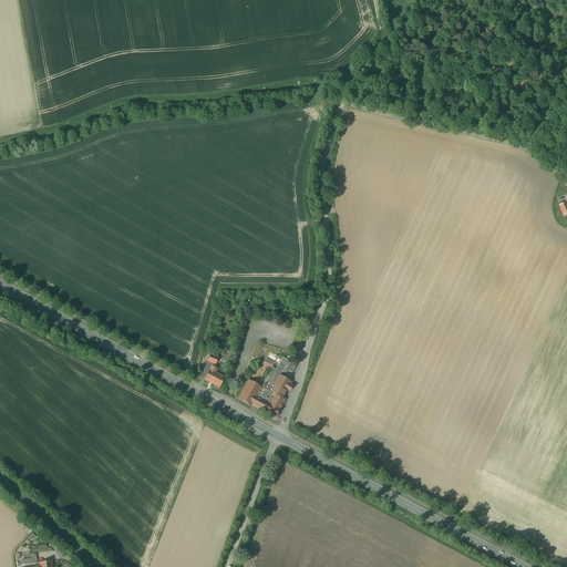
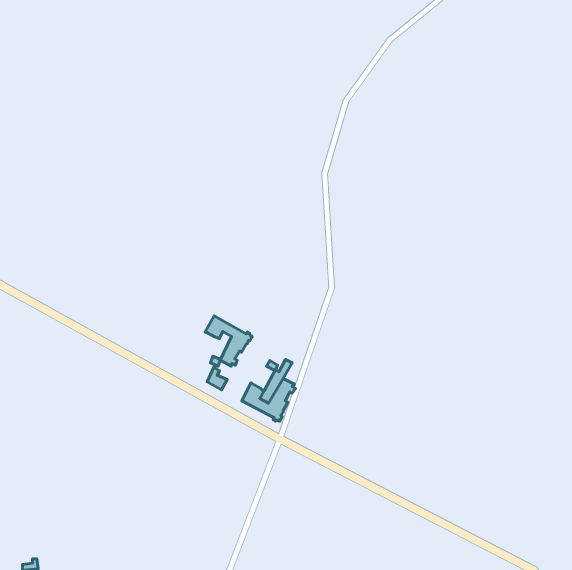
building: none -> [205,316,252,366]

